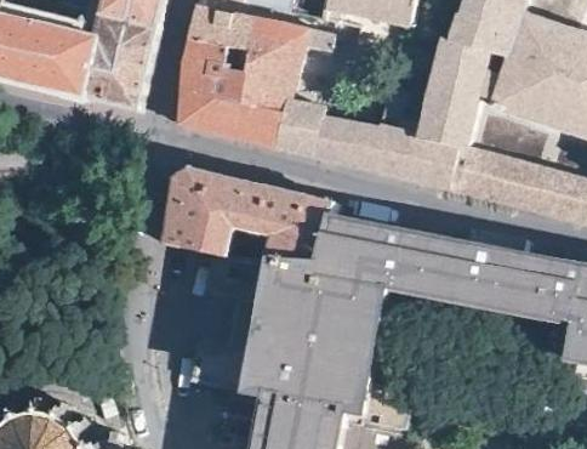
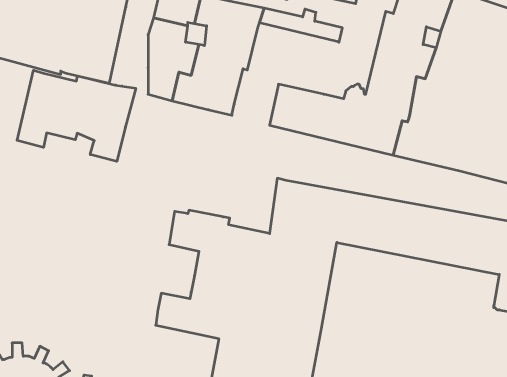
building: [273,96,324,158] -> none
building: none -> [17,70,136,161]
building: [161,166,336,277] -> none

